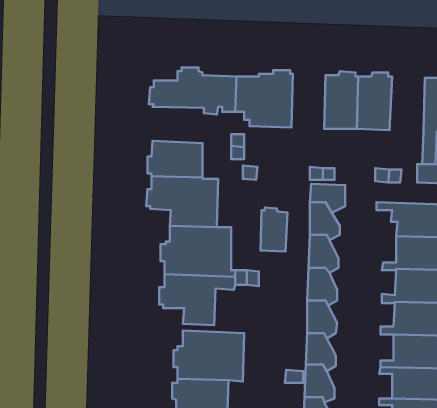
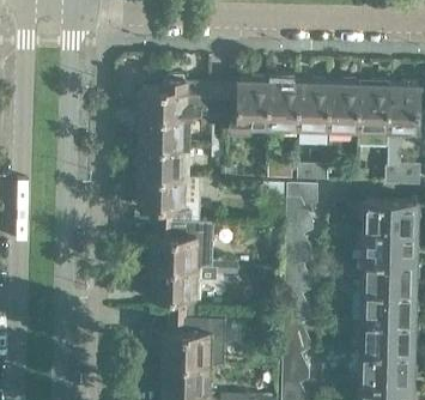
building: none -> [268,79,299,133]
building: none -> [358,83,390,135]
building: none -> [138,113,188,146]
building: [260,208,288,252] -> none

